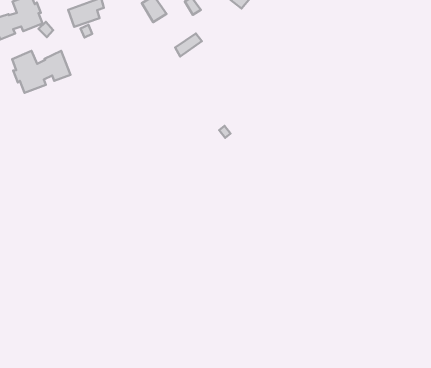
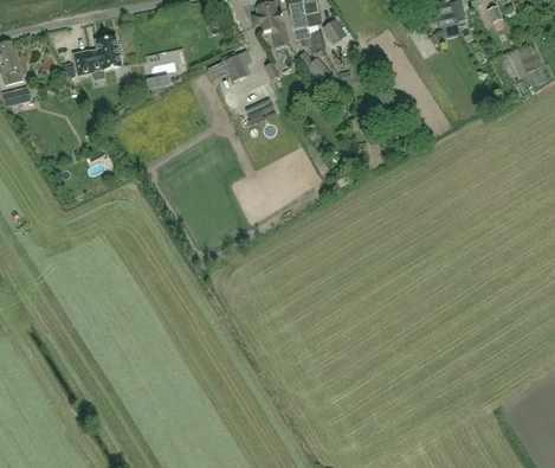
building: [12,51,70,93] -> none

